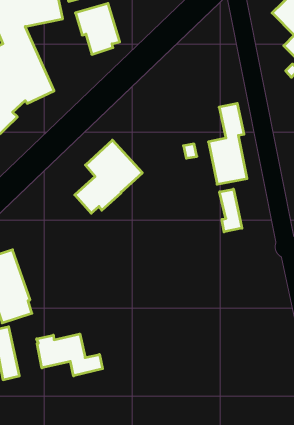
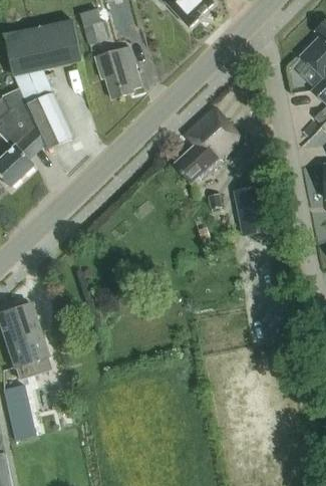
building: [75,140,142,213] -> [173,105,243,182]
building: [220,189,242,232] -> none
building: [37,334,103,376] -> none

